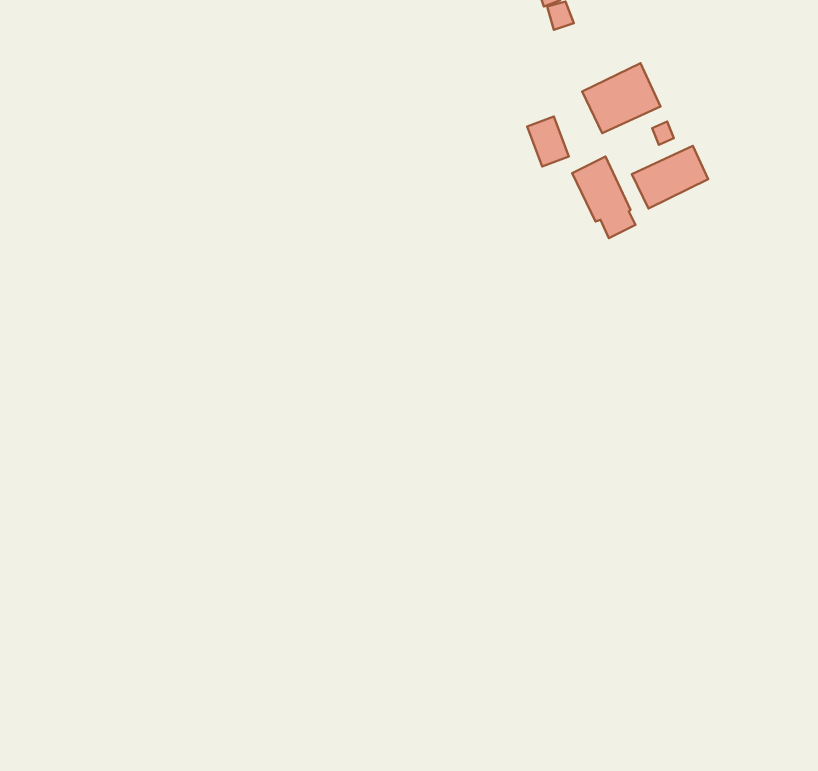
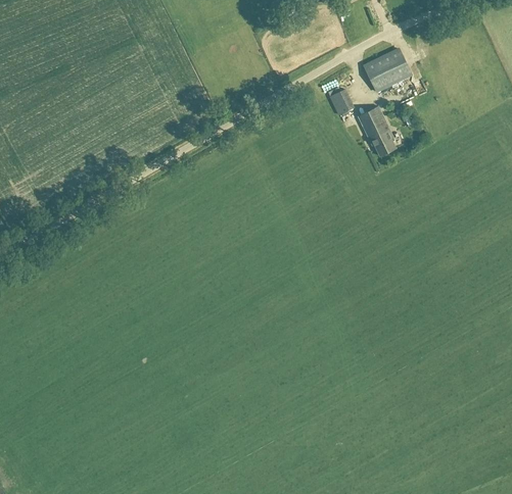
building: [632,146,708,208] -> none

